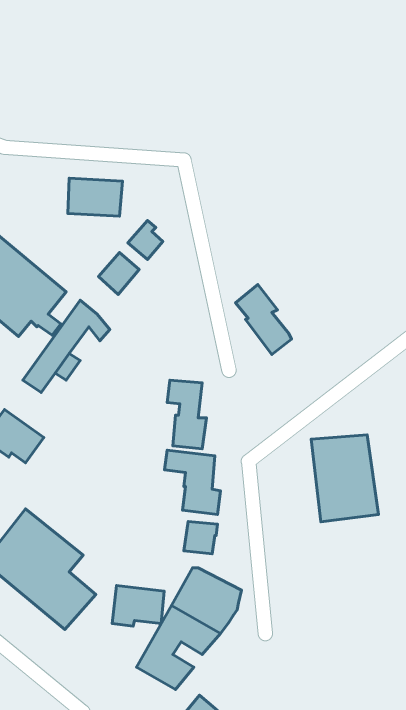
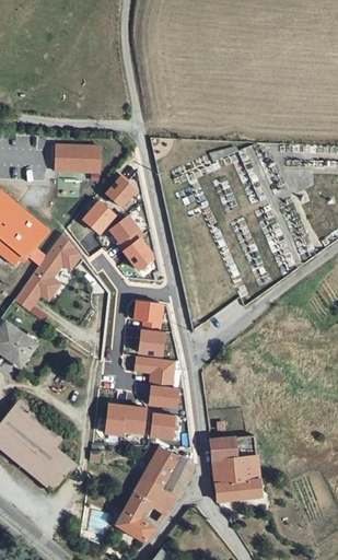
building: [236,285,292,355] -> [107,215,151,270]
building: [311,435,378,522] -> [218,435,270,503]
building: [112,586,164,626] -> [103,402,143,434]

